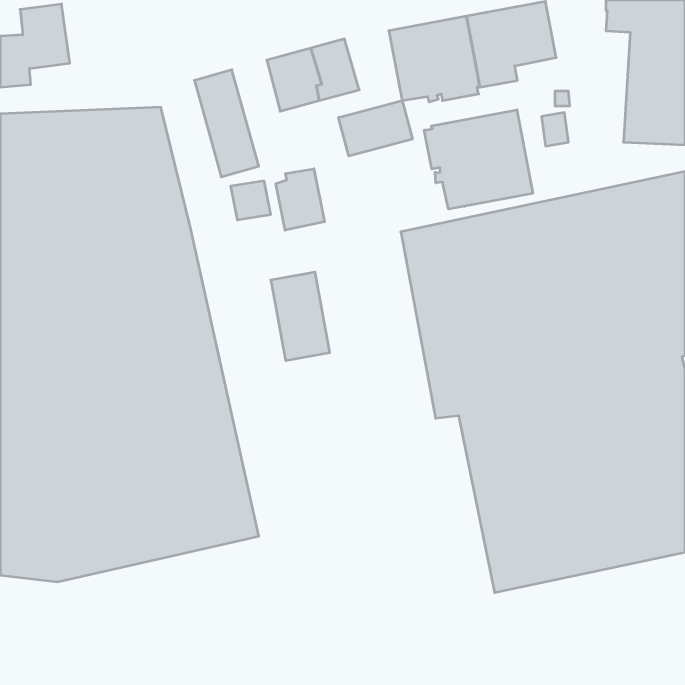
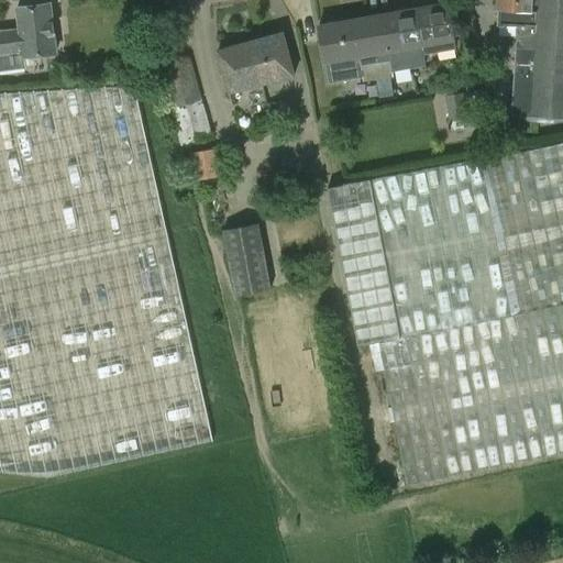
building: [339,101,412,156] -> none
building: [424,110,533,209] -> none
building: [276,169,325,230] -> none

